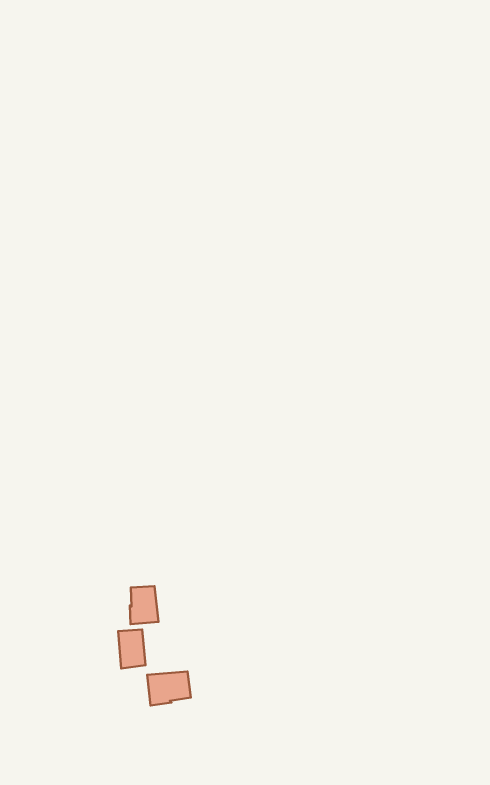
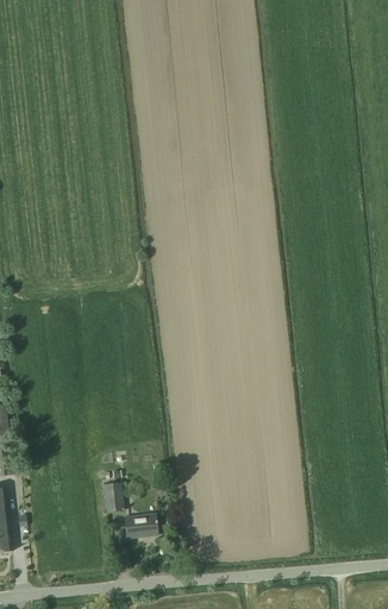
building: [130,586,159,624] -> none

